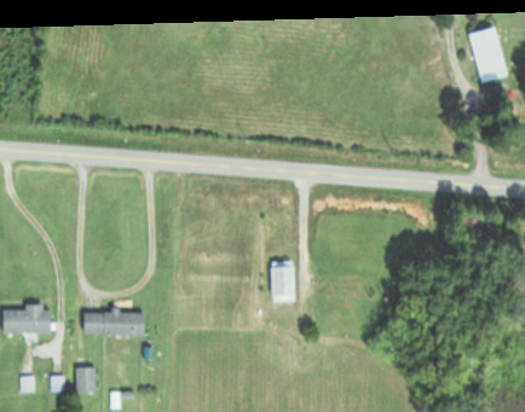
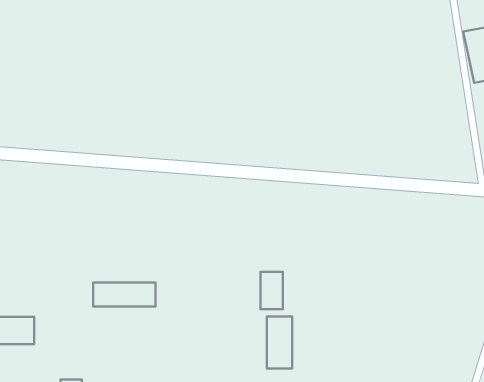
building: none -> [267,316,292,369]
building: [83,312,144,335] -> [93,283,156,306]

